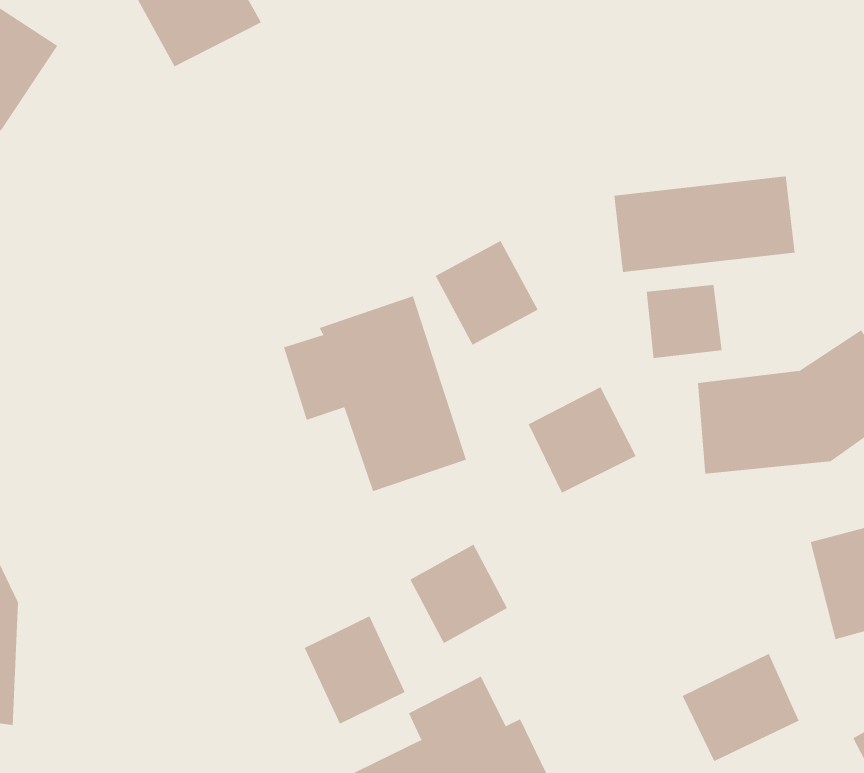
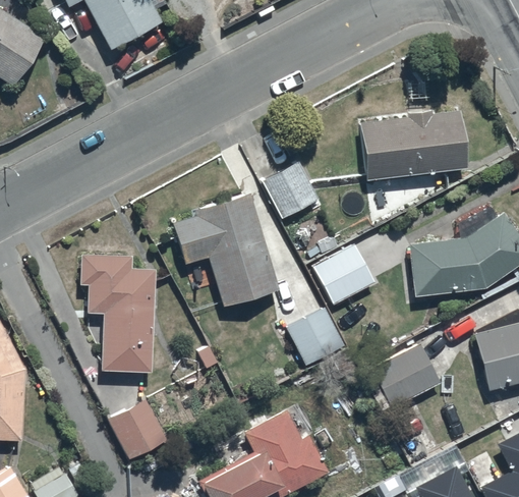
building: [646,284,722,359] -> none
building: none -> [81,252,156,371]
building: [409,544,508,644] -> [288,309,344,366]
building: [304,616,405,724] -> [109,398,167,460]
building: [682,653,800,762] -> [373,346,441,408]

